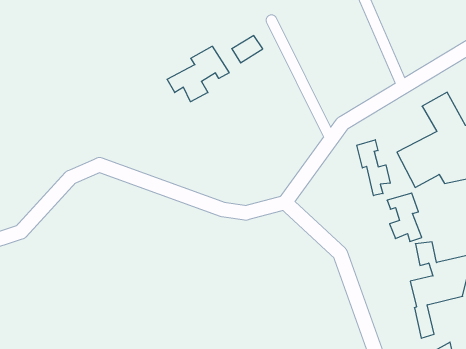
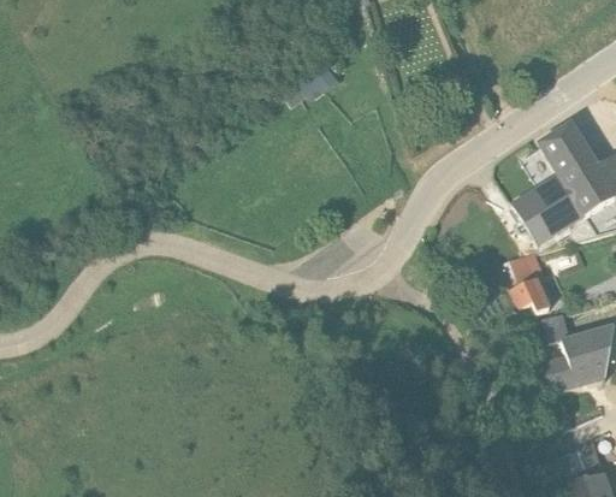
building: [167,46,229,102] -> none
building: [357,140,390,196] -> none

